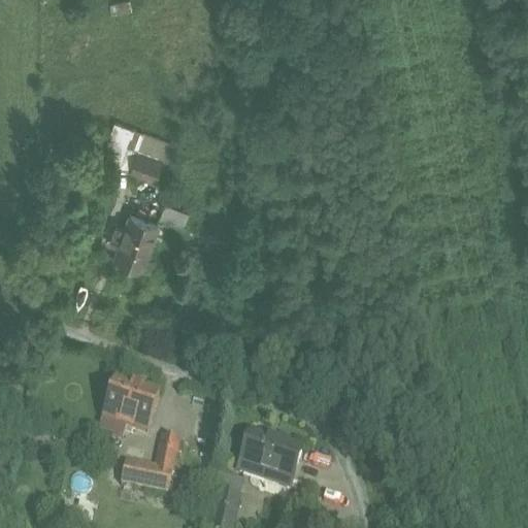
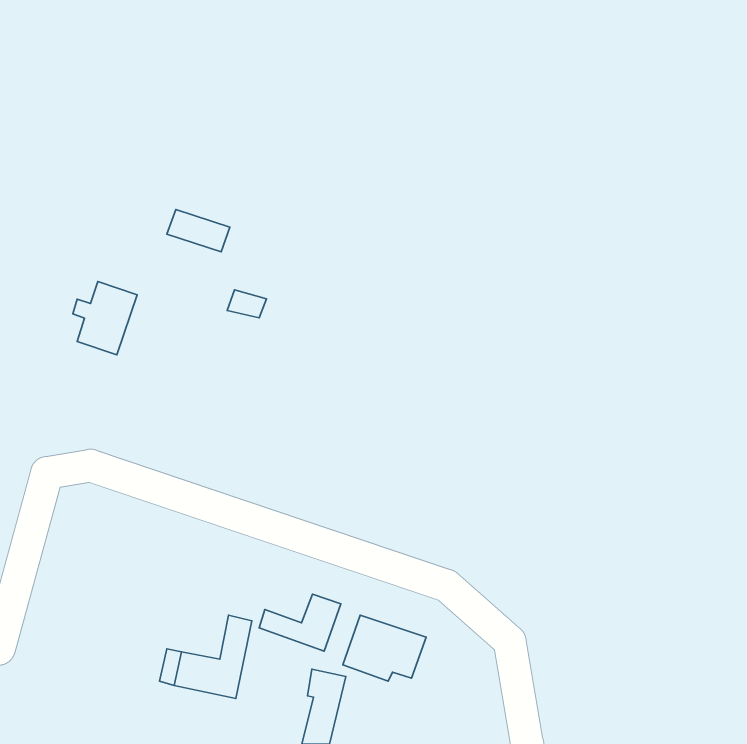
building: [112,214,158,266] -> [73,282,137,355]
building: [104,380,157,428] -> none
building: none -> [259,594,341,651]

